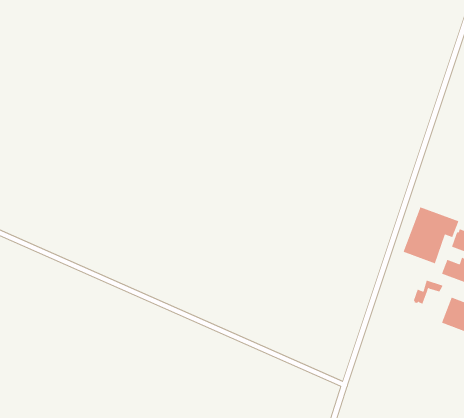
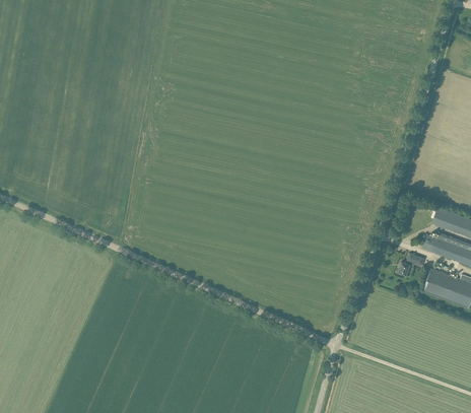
building: [403,207,459,264] -> none

